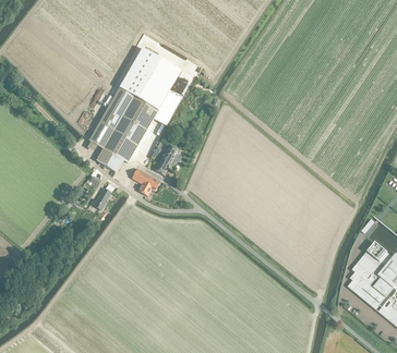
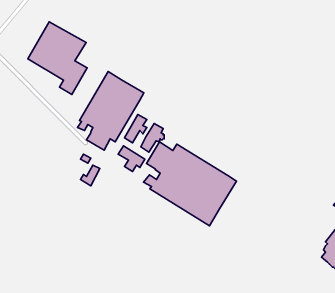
building: [120,47,183,124] -> [28,22,87,94]
building: none -> [143,142,237,226]

